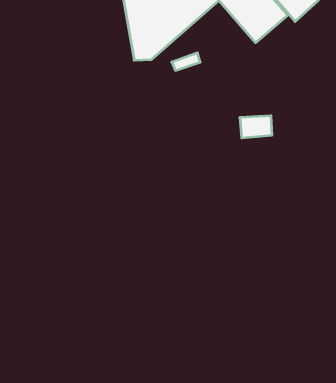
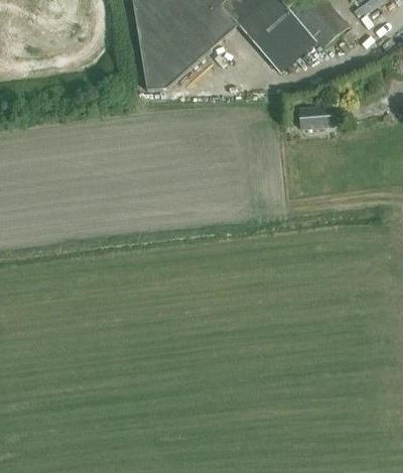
building: [240,116,272,138] -> [299,105,334,129]

